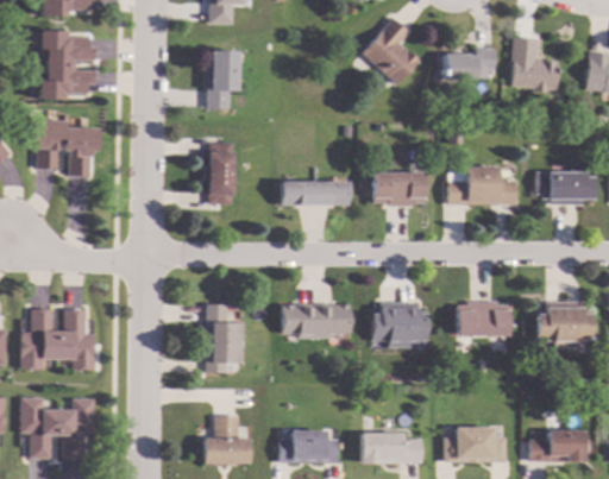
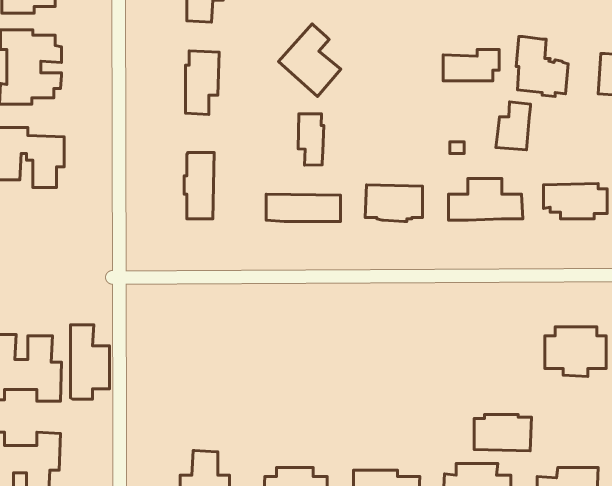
building: [362,18,419,84] -> [278,24,341,97]
building: none -> [496,102,531,150]
building: none -> [298,114,324,165]
building: [371,302,427,347] -> none
building: [457,302,509,335] -> [474,414,531,451]
building: [207,304,243,372] -> [70,325,109,399]
building: [283,304,351,334] -> none

